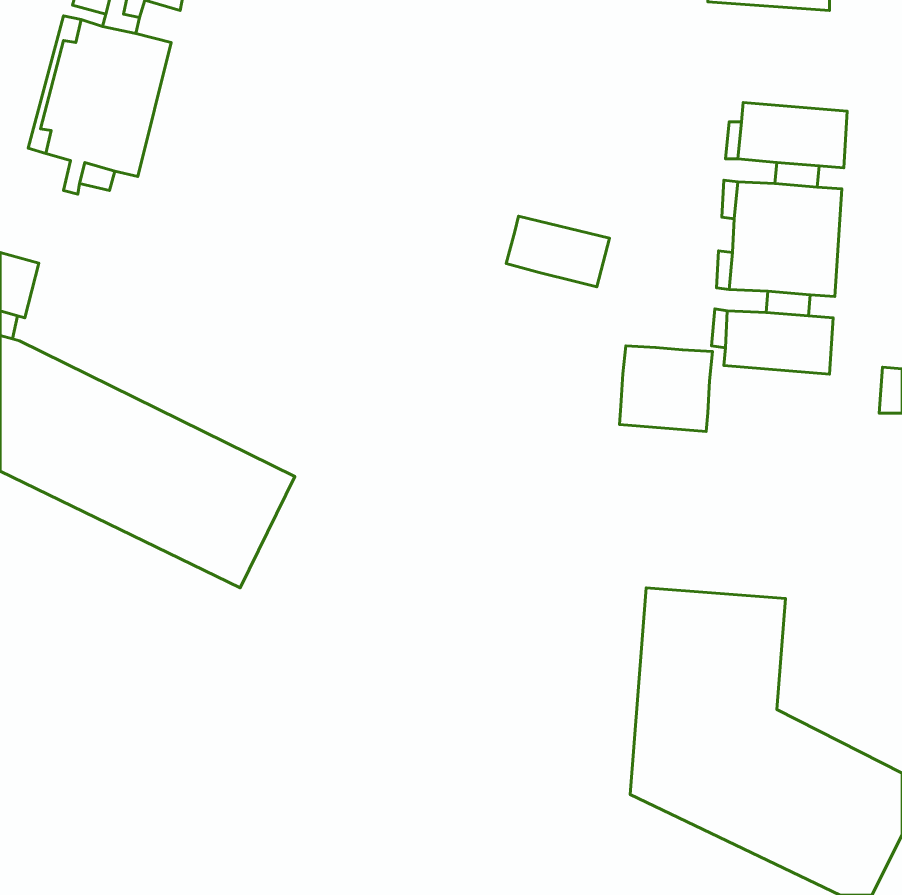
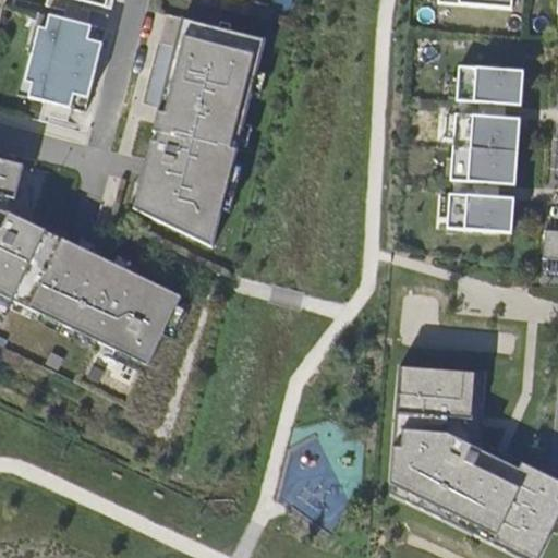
building: none -> [134,10,266,244]
building: [506,216,610,287] -> none
building: [620,346,713,431] -> none

